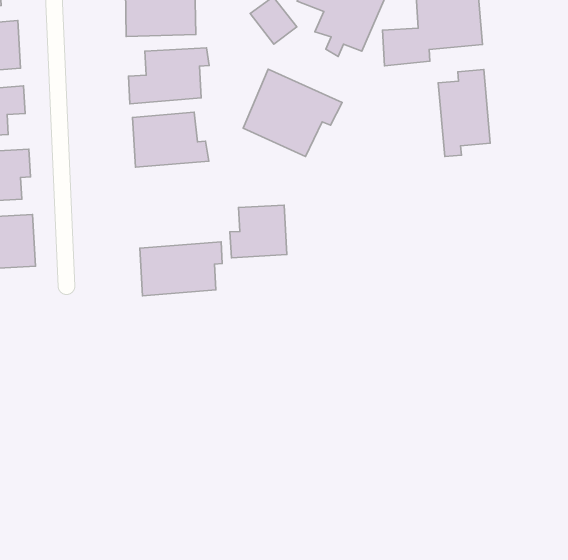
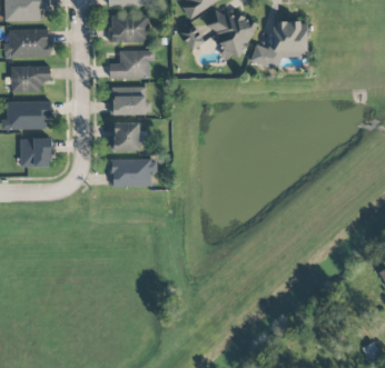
building: [243,69,342,156] -> none
building: [438,70,490,156] -> none
building: [230,205,287,258] -> [109,123,140,151]

